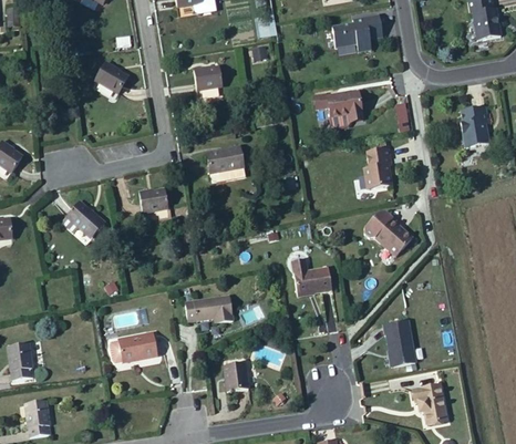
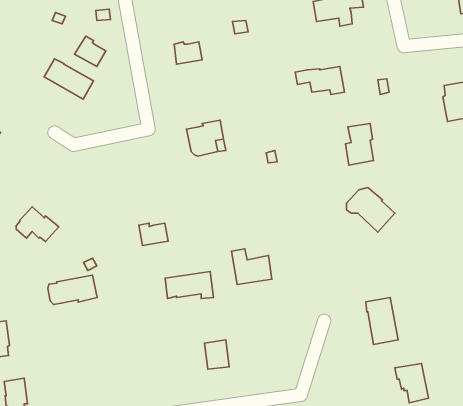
building: none -> [44,59,93,99]
building: [138,189,167,211] -> [139,223,168,245]
building: [63,202,105,236] -> [16,207,59,242]
building: [291,260,331,296] -> [232,249,272,285]
building: [109,332,157,361] -> [48,275,97,304]

